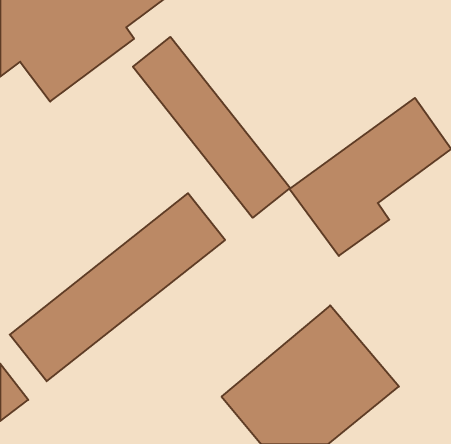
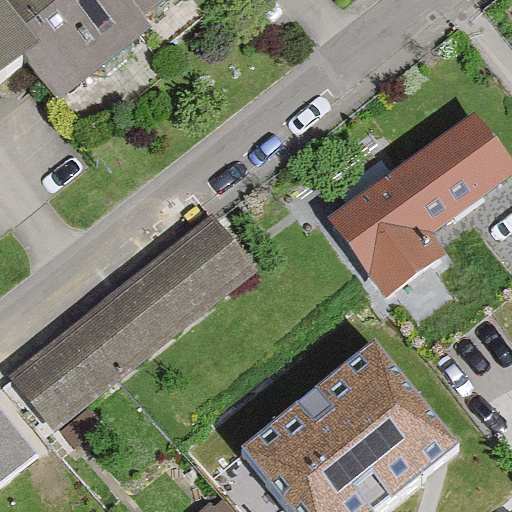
building: [133,37,290,218] -> none

